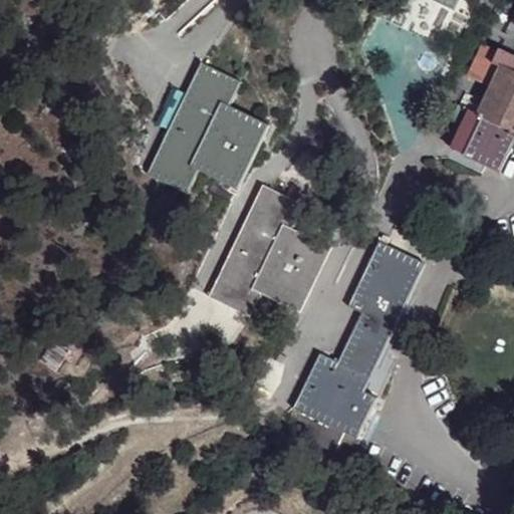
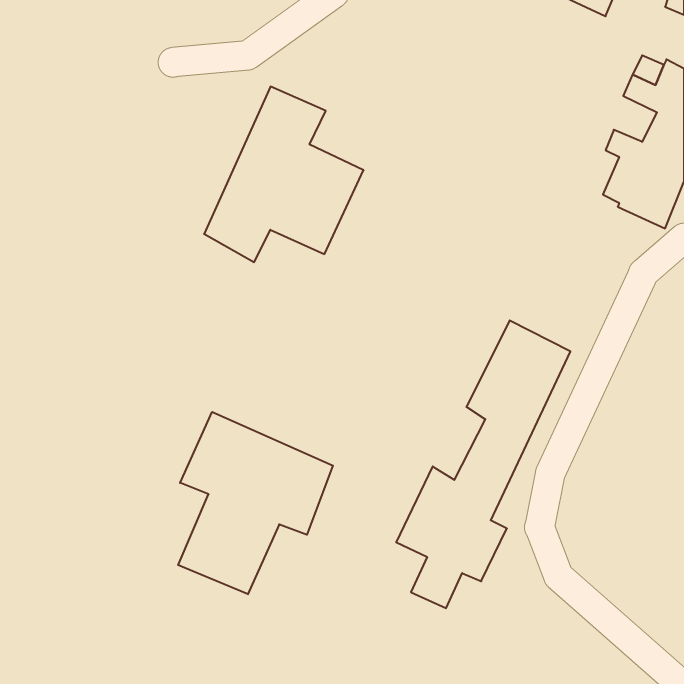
building: [214,184,330,315] -> none
building: none -> [178,412,333,594]

